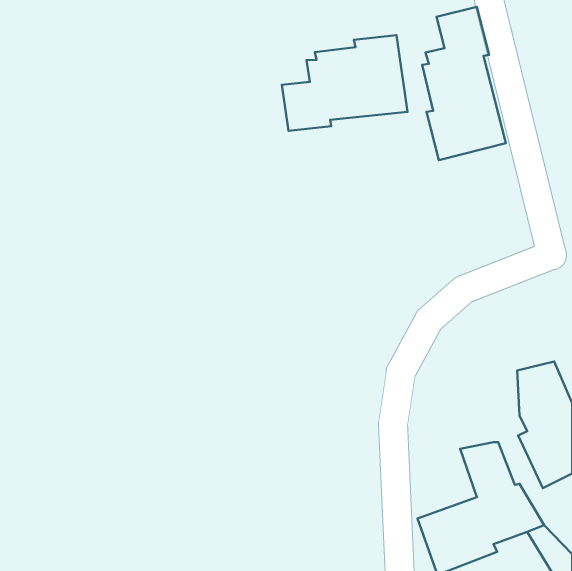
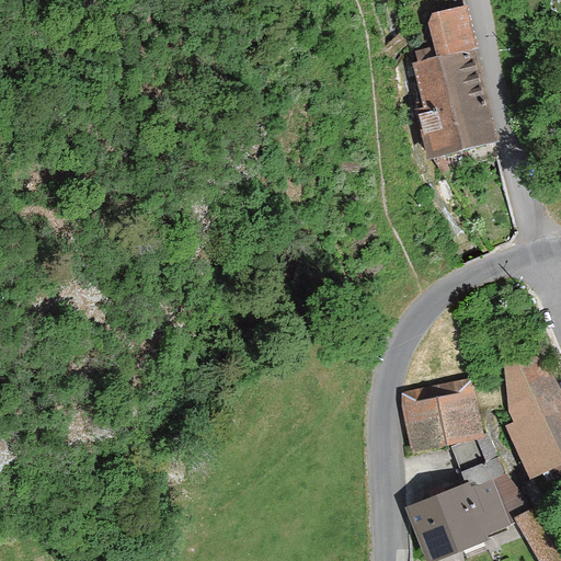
building: [282,35,408,131] -> none
building: none -> [401,380,483,448]

